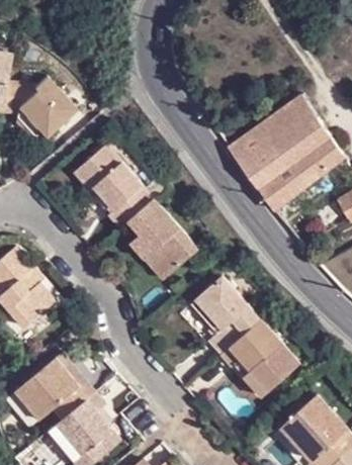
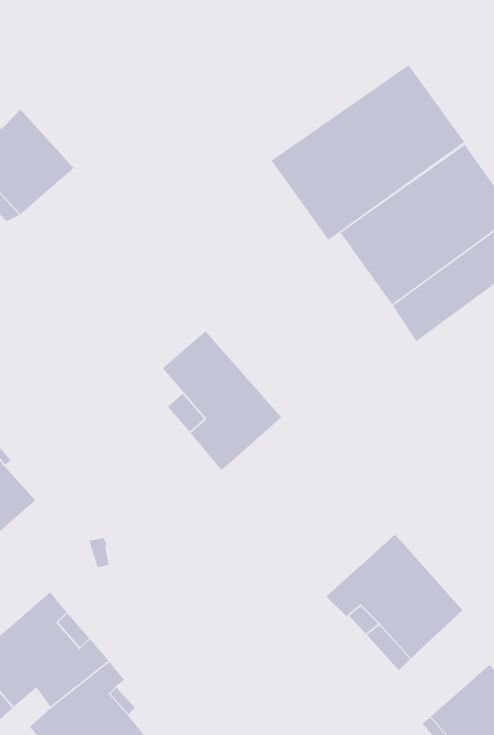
building: none -> [271,64,465,241]
building: [74,147,152,229] -> none
building: [191,276,262,356] -> none

